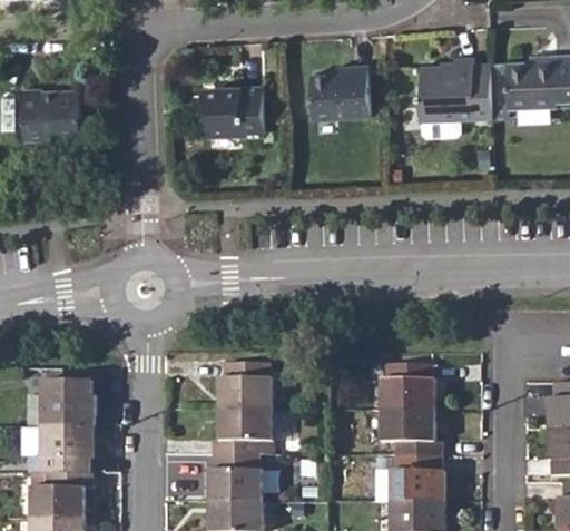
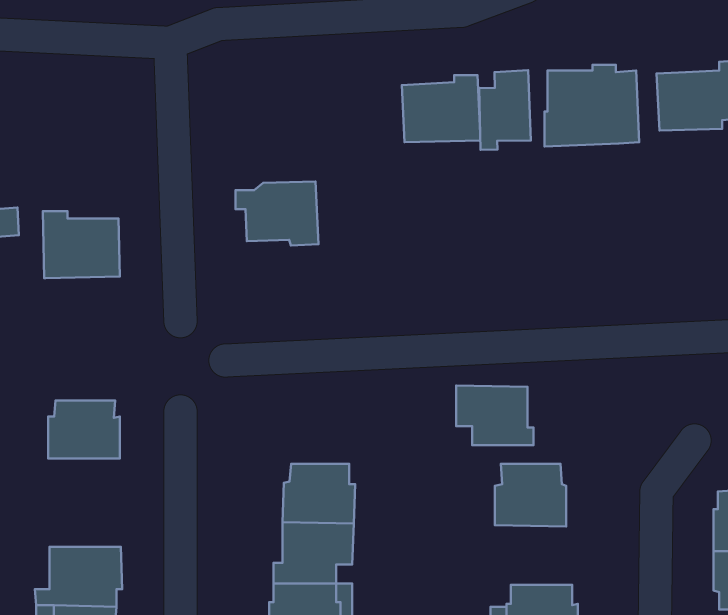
building: none -> [479,70,531,150]
building: [199,89,263,138] -> [235,181,318,246]
building: [19,90,78,141] -> [43,211,120,278]
building: [40,384,95,429] -> [48,400,120,459]
building: [381,412,440,458] -> [456,385,533,445]

